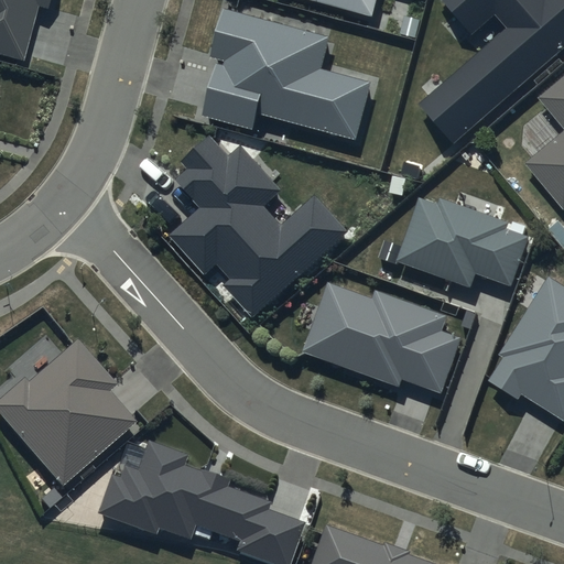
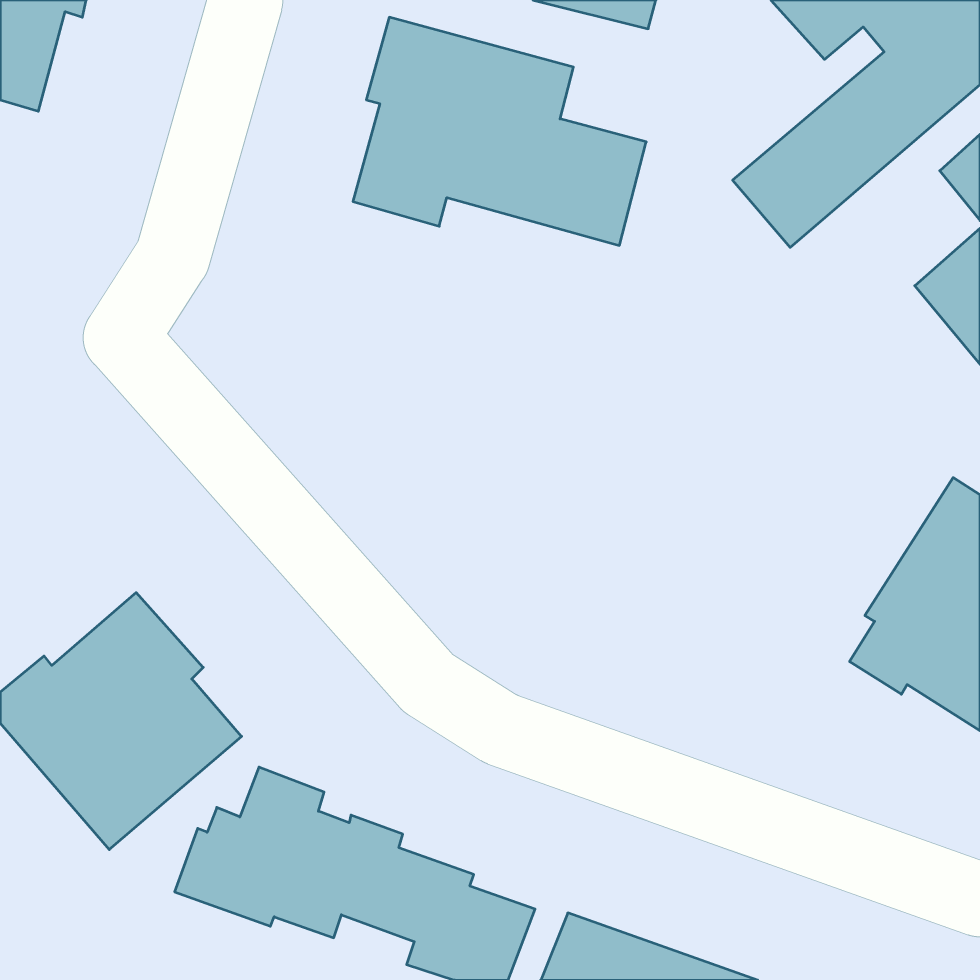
building: [171,135,348,316] -> none
building: [393,196,530,290] -> none
building: [303,282,460,393] -> none

